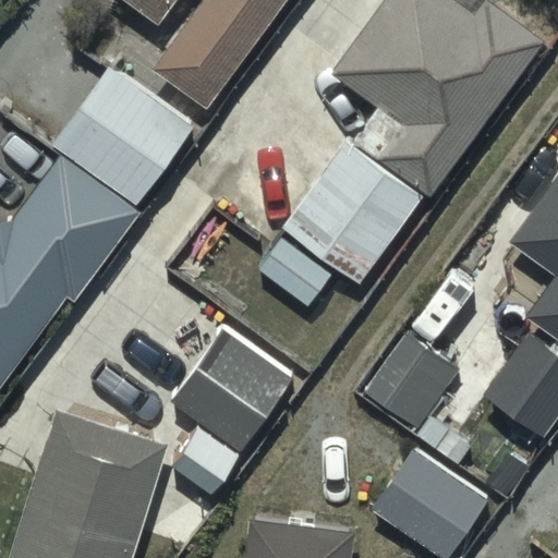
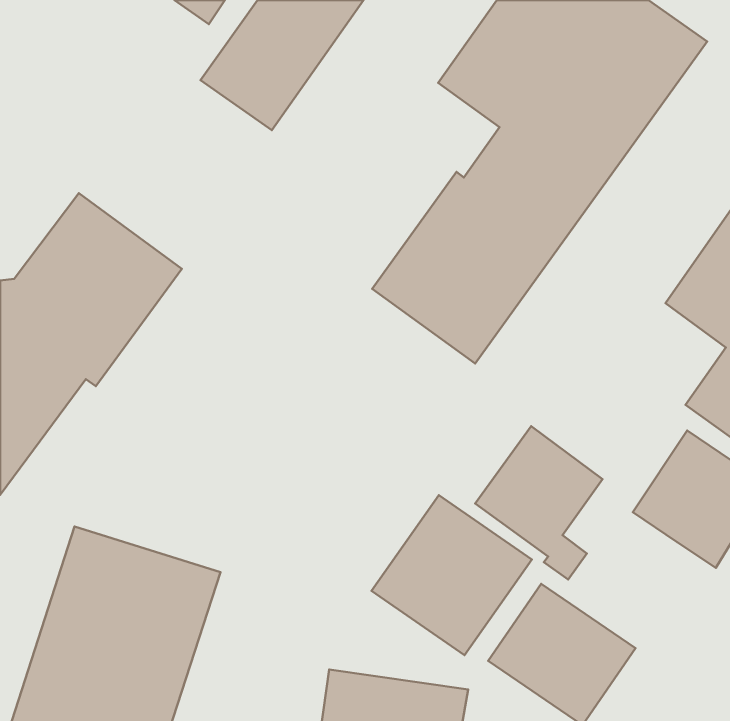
building: [52,63,193,203] -> none
building: [172,330,294,452] -> [372,495,532,655]

